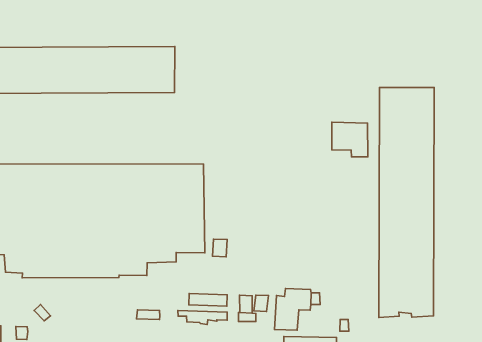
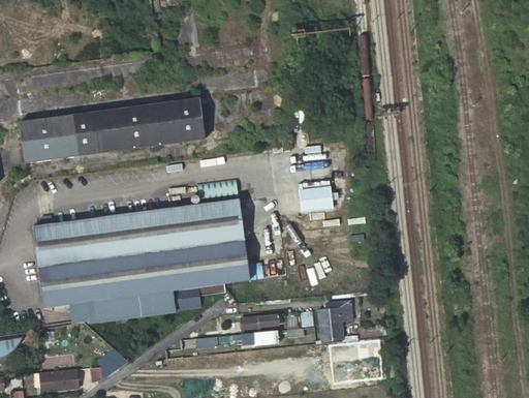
building: [379,87,434,317] -> none
building: [332,122,368,157] -> [297,183,333,215]

